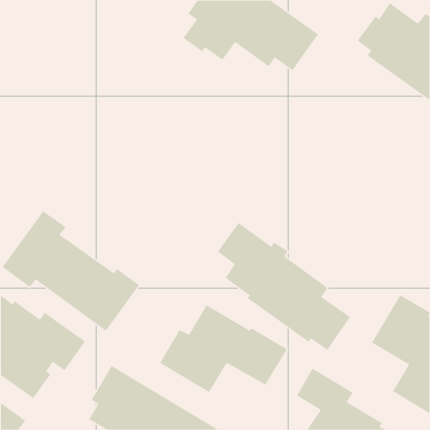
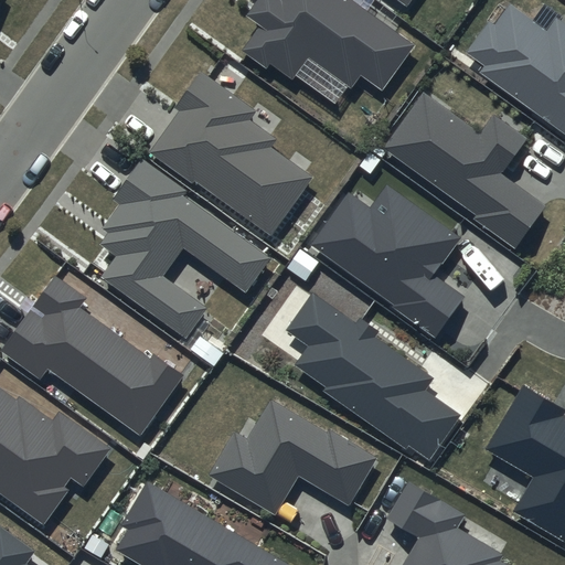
building: none -> [149,70,310,233]
building: none -> [384,93,546,248]
building: none -> [98,159,269,338]
building: none -> [313,183,466,335]

